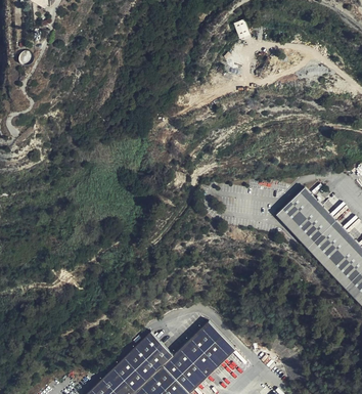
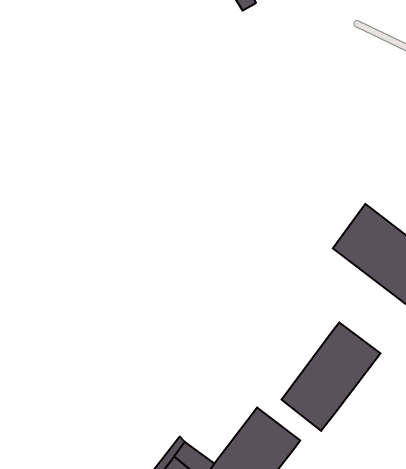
building: none -> [281,322,381,431]

